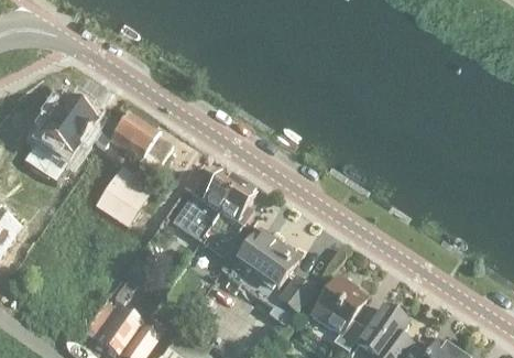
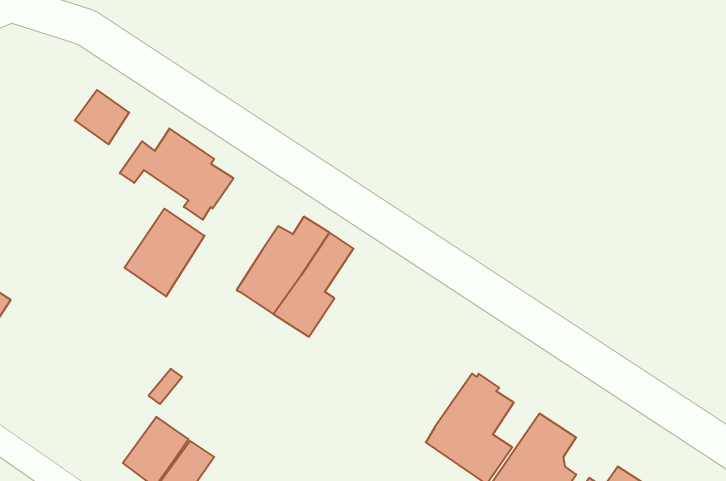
building: [29,107,80,180] -> none
building: [223,228,314,326] -> none

